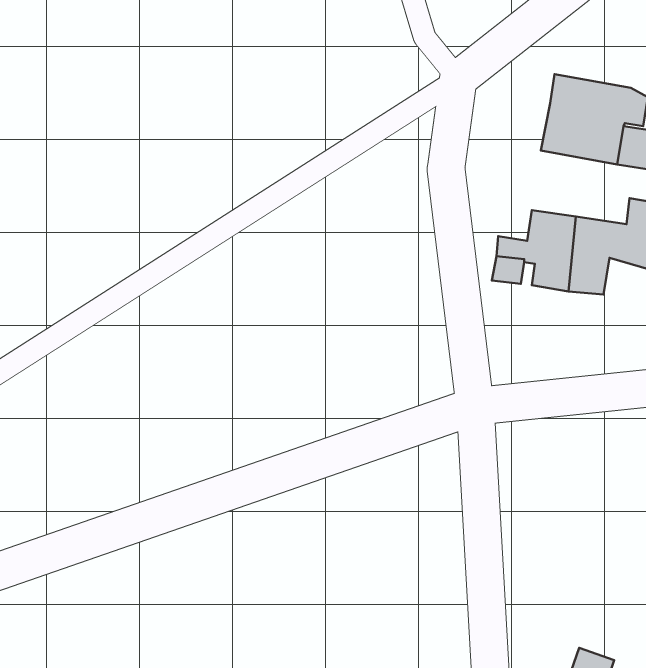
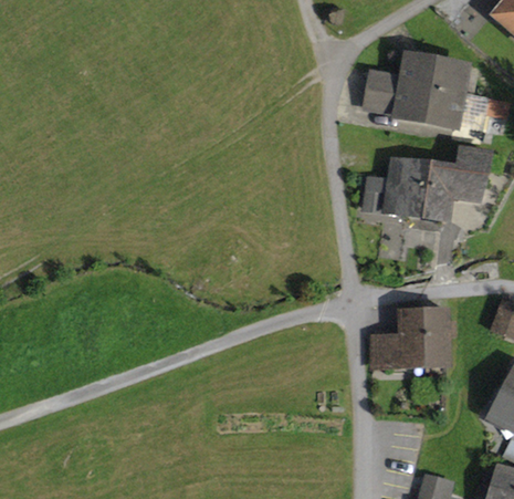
building: none -> [366,75,405,115]
building: none -> [373,310,447,365]

